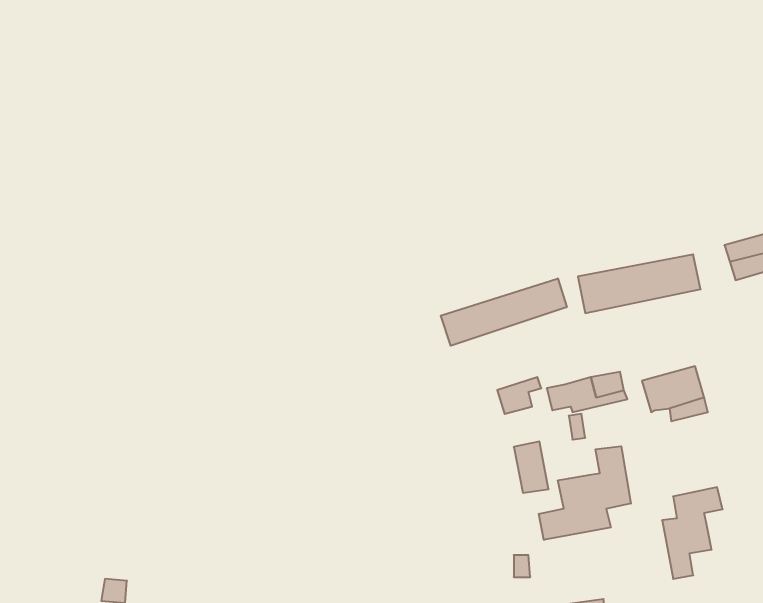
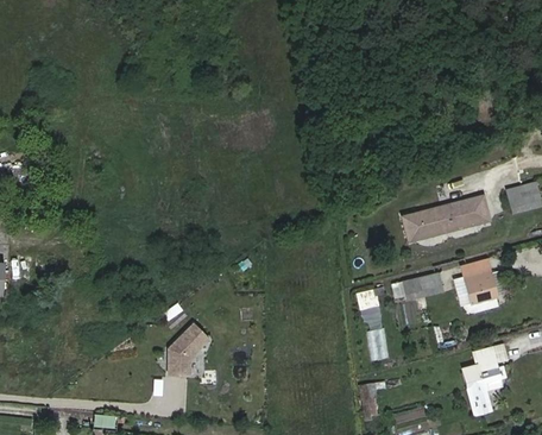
building: [441,278,567,346] -> none
building: none -> [172,317,212,368]
building: [539,446,631,540] -> none

